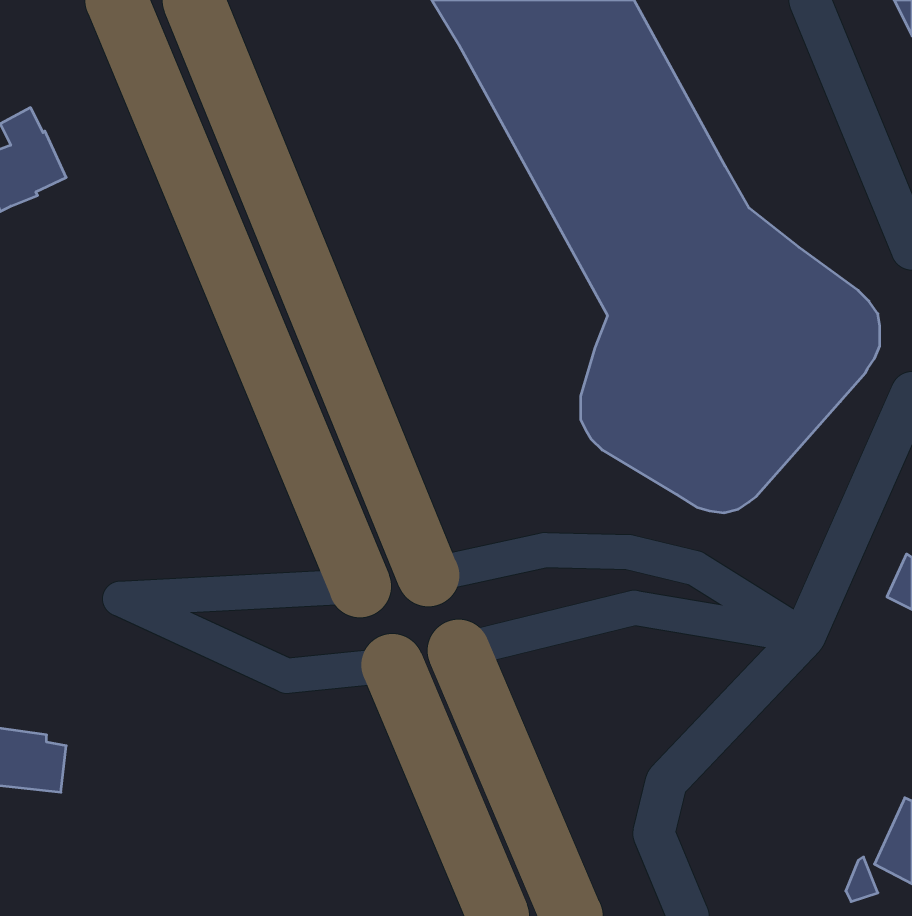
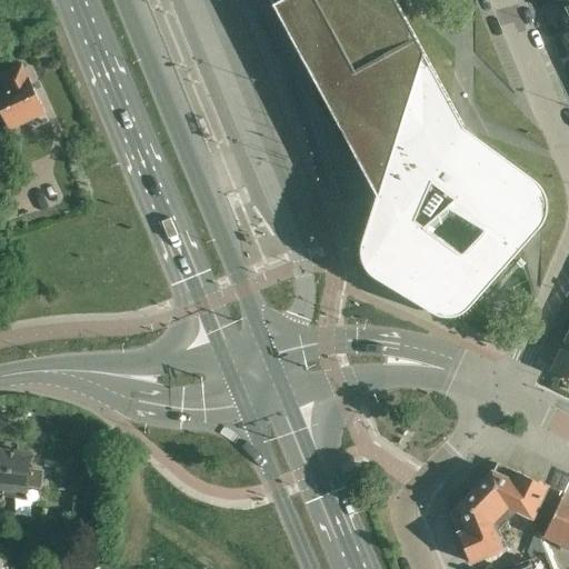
building: none -> [457,472,546,562]

